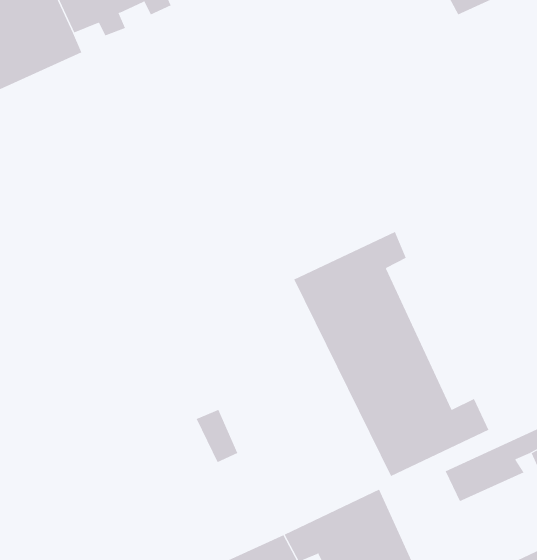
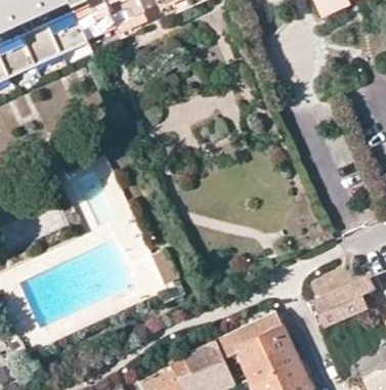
building: [294,231,489,477] -> none

